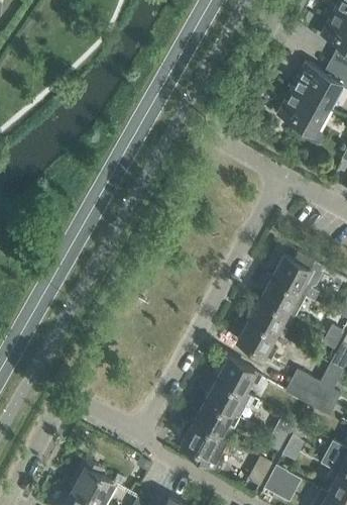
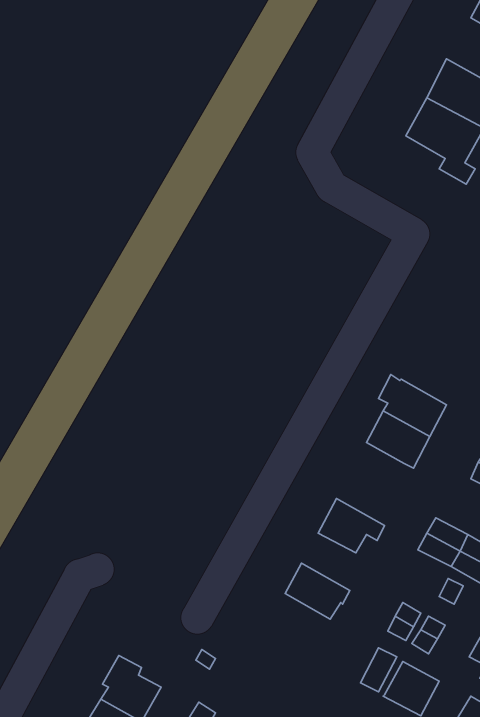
building: [274,254,322,299] -> none
building: [239,319,277,360] -> none
building: [208,380,254,418] -> none
building: [184,420,227,472] -> none

